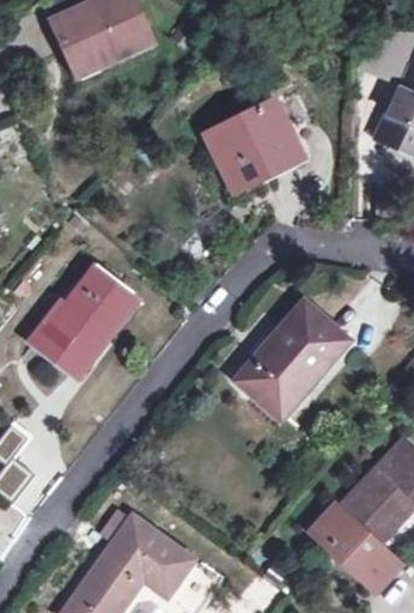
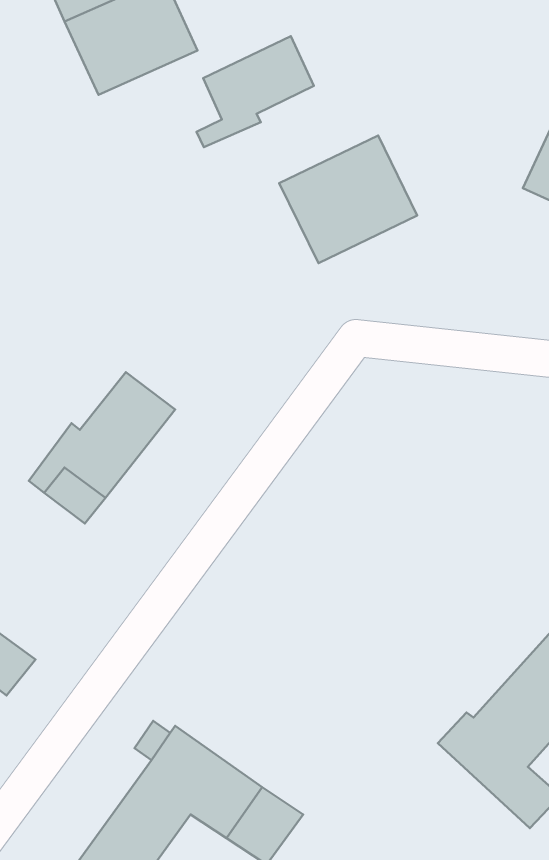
building: none -> [197,36,314,147]
building: [238,304,345,415] -> none

